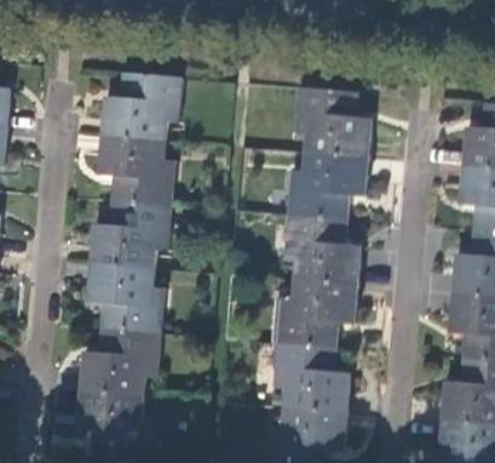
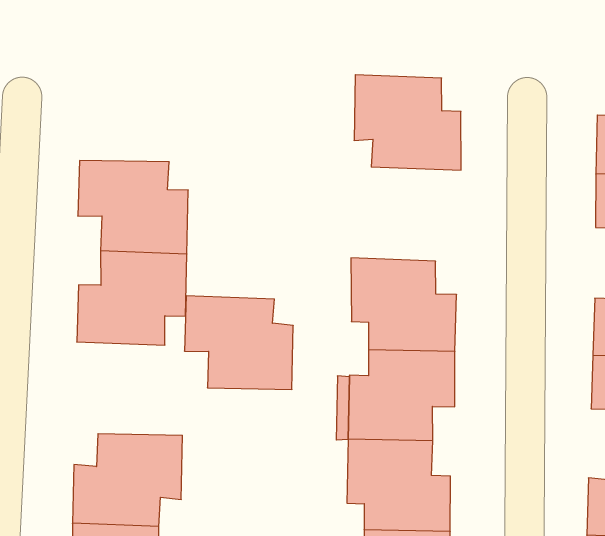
building: [100,72,182,139] -> none
building: [287,152,368,221] -> none
building: [87,262,165,332] -> [184,296,293,389]

